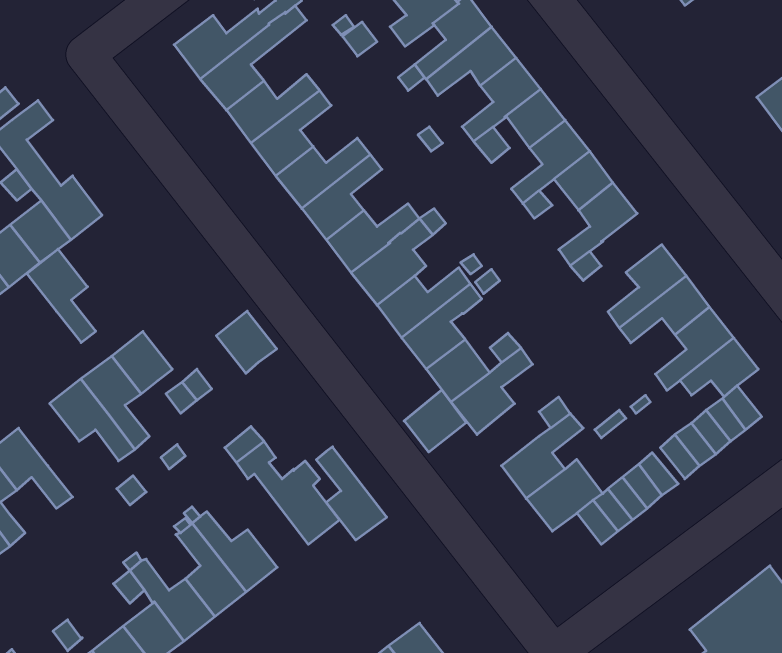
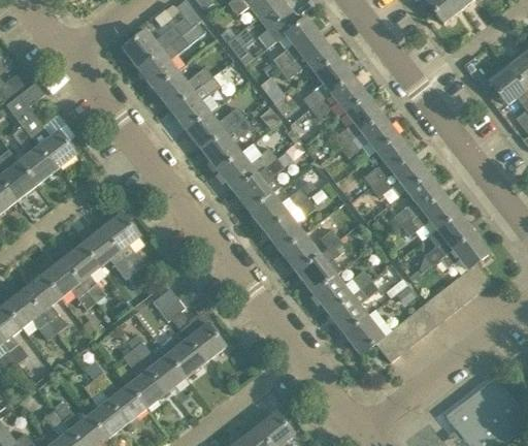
building: none -> [390,154,428,191]
building: [27,249,96,343] -> [23,274,66,332]
building: [216,311,277,373] -> [101,213,139,252]
building: [404,390,466,452] -> [311,274,351,313]
building: [316,447,387,540] -> [161,318,205,377]

